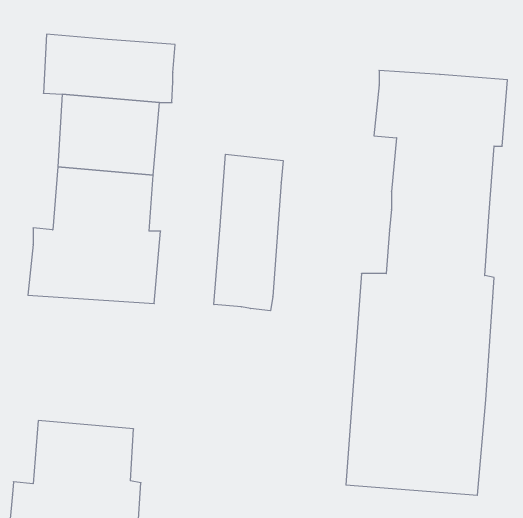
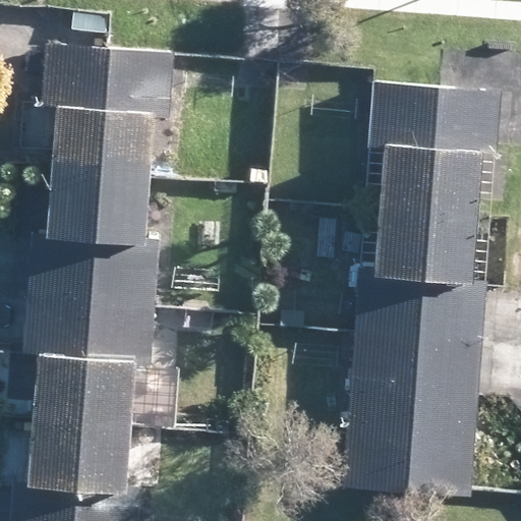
building: [214,154,283,311] -> none
building: none -> [24,301,152,432]

